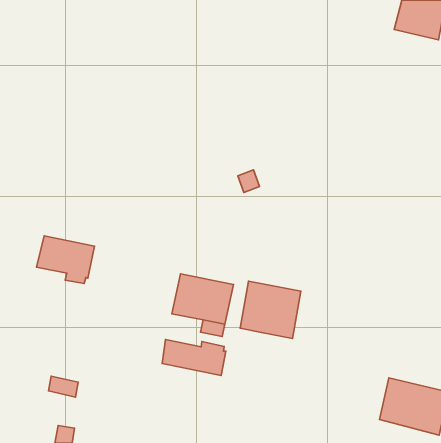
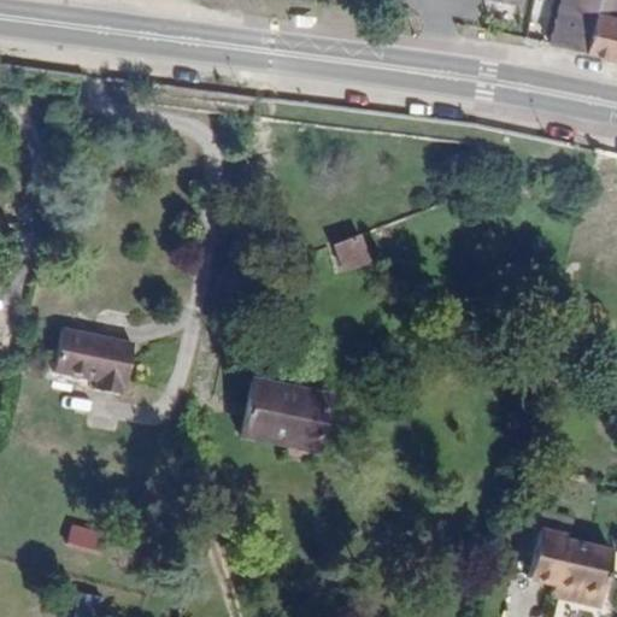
building: [240,281,301,339] -> none
building: [162,340,226,376] -> none

